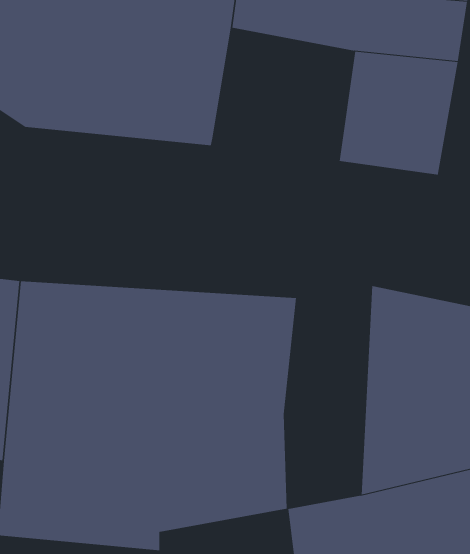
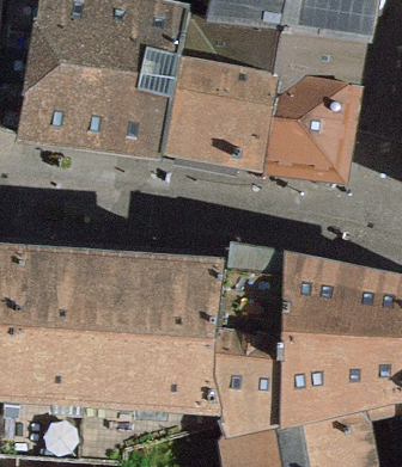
building: none -> [168,60,276,162]
building: none -> [223,247,290,430]

